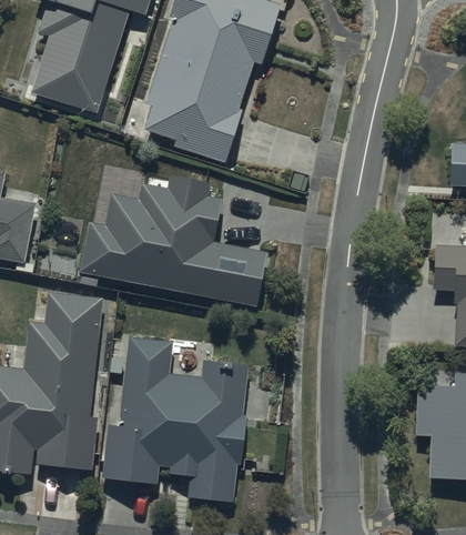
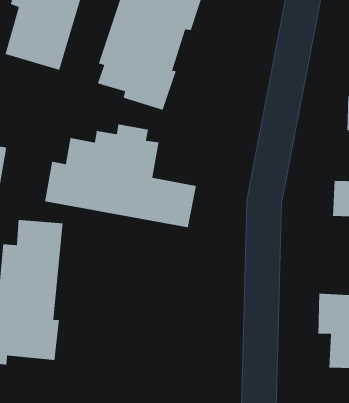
building: [103,337,249,502] -> none

